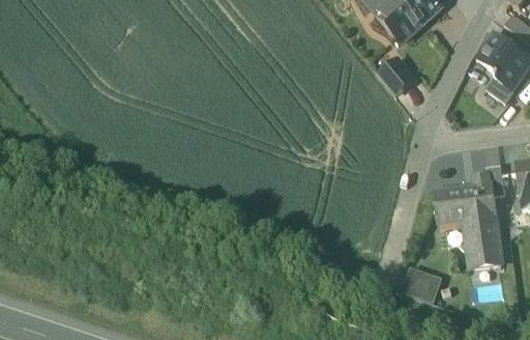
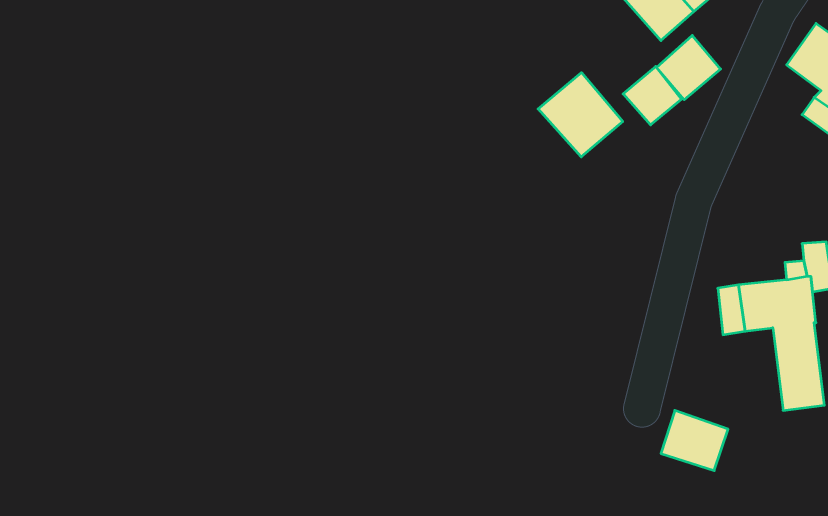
building: none -> [657,35,721,100]
building: none -> [538,73,623,157]

